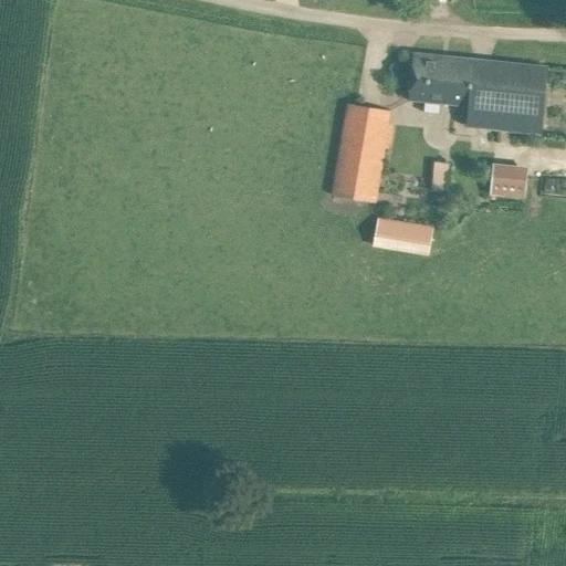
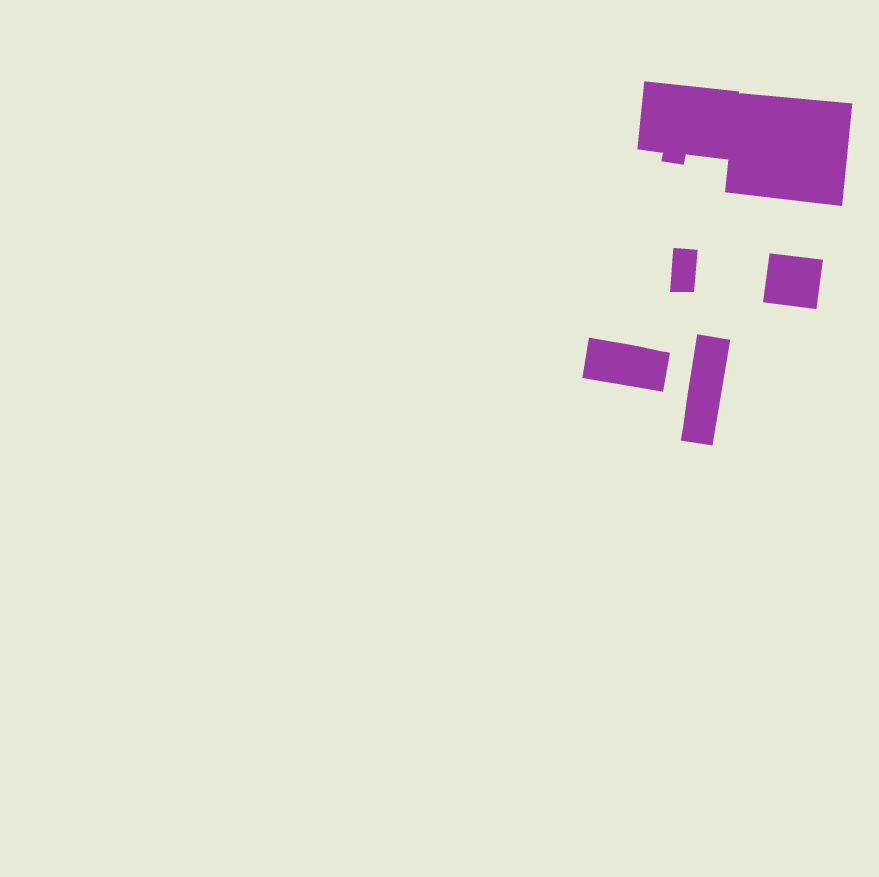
building: [332,101,388,200] -> none
building: none -> [680,333,731,446]

